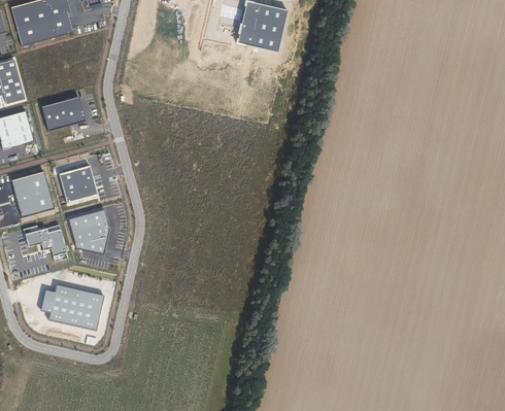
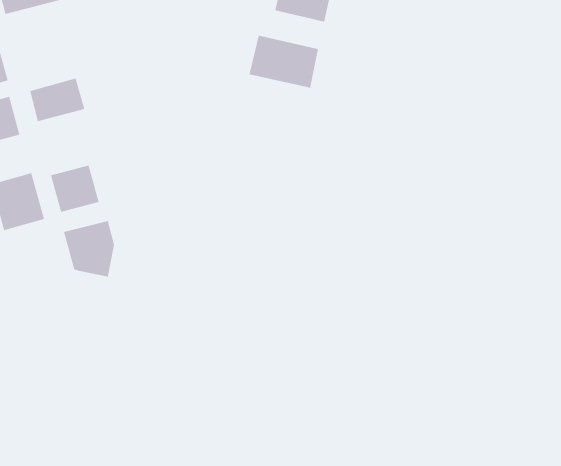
building: none -> [249,35,319,89]
building: [23,225,68,261] -> none
building: [41,284,104,331] -> none

